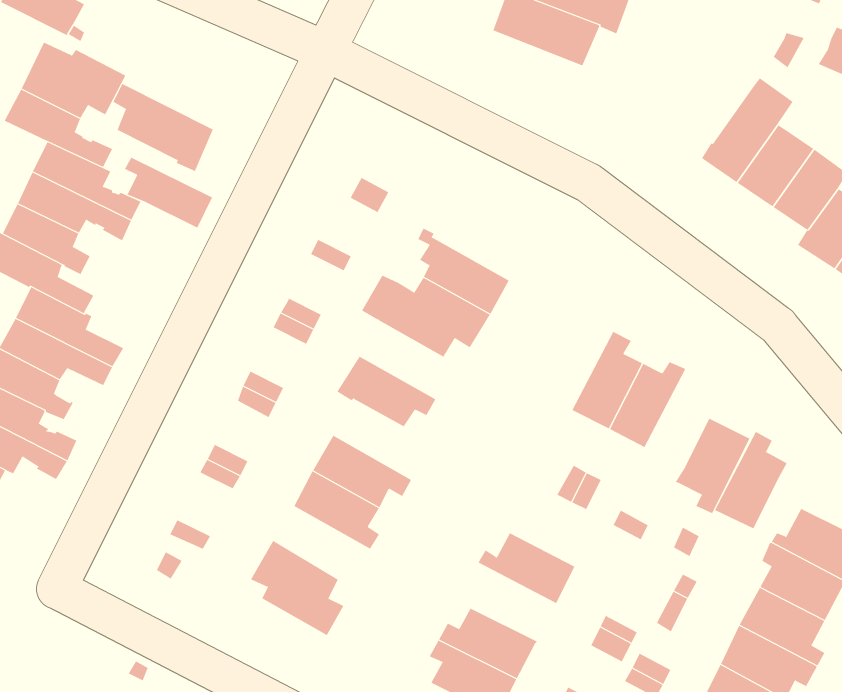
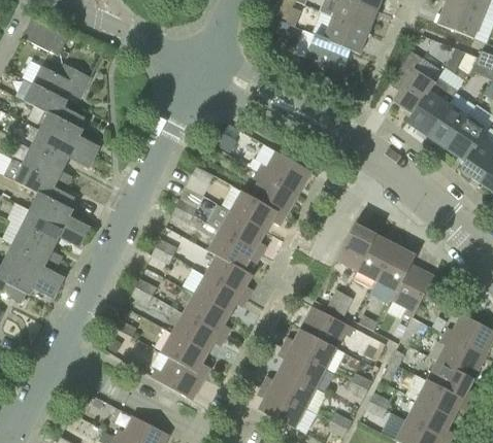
building: none -> [389,50,435,113]
building: [112,83,214,172] -> none
building: [124,157,213,228] -> none
building: none -> [259,150,311,189]
building: none -> [219,210,266,253]
building: none -> [204,253,253,298]
building: [714,431,788,529] -> [375,237,416,291]
building: none -> [301,305,354,345]
building: none -> [171,312,225,352]
building: none -> [277,343,327,386]
building: none -> [151,363,201,400]

